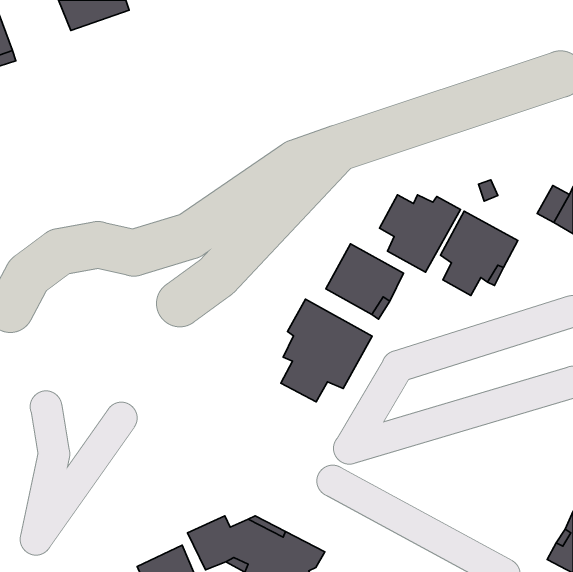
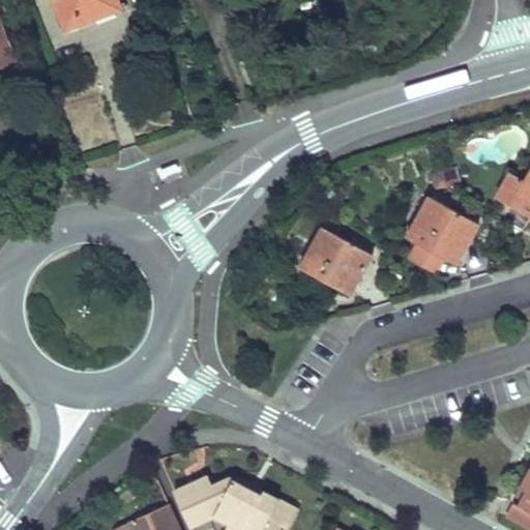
building: [379,195,460,272] -> none
building: [281,299,372,402] -> none

